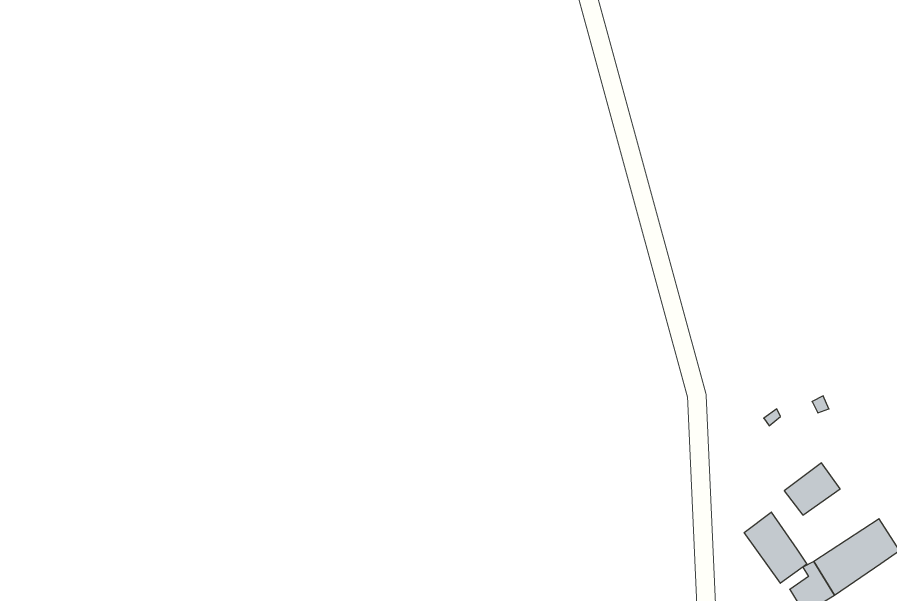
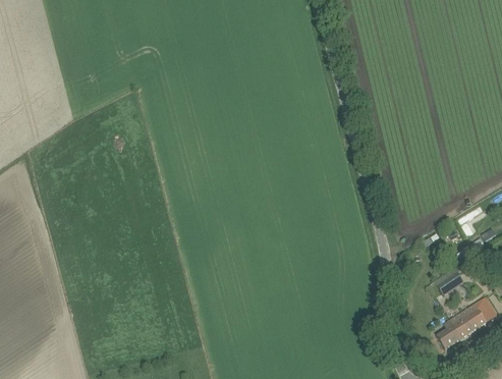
building: [744,512,807,583] -> none

